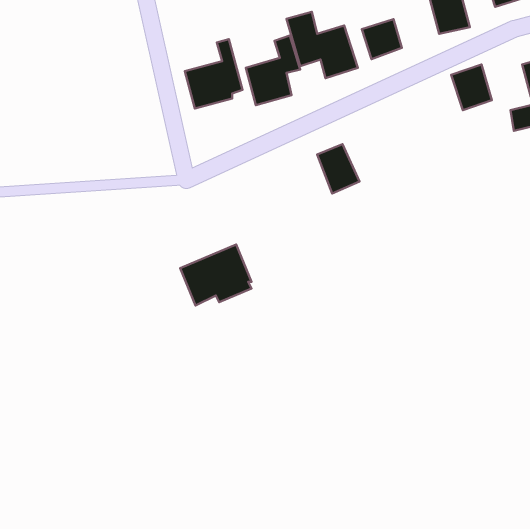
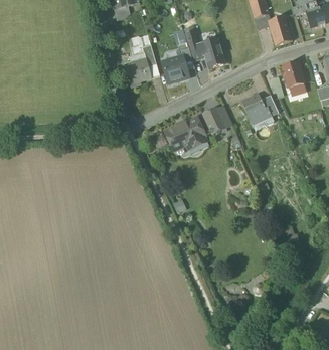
building: [362,19,402,59] -> none
building: none -> [240,93,277,125]
building: [180,245,252,306] -> [166,117,208,153]

